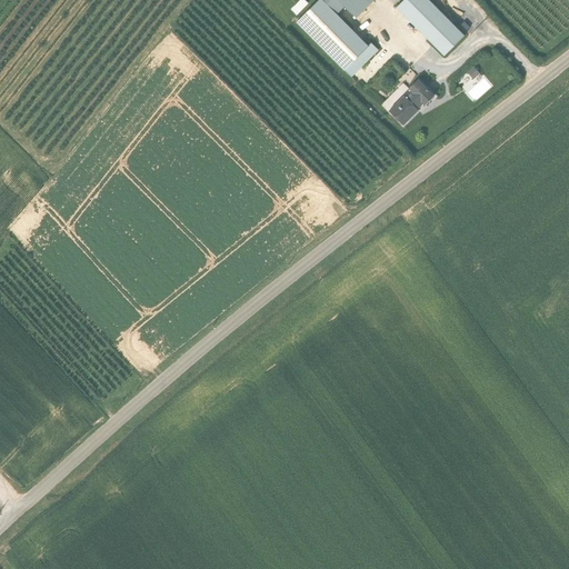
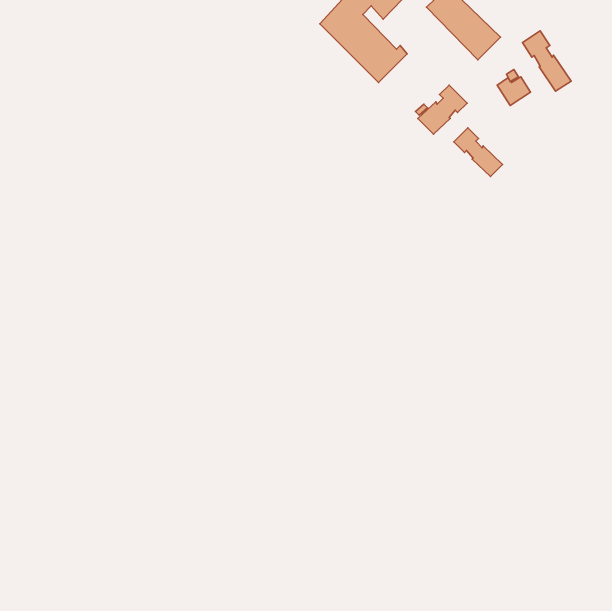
building: none -> [522,31,571,91]
building: none -> [454,128,503,177]

